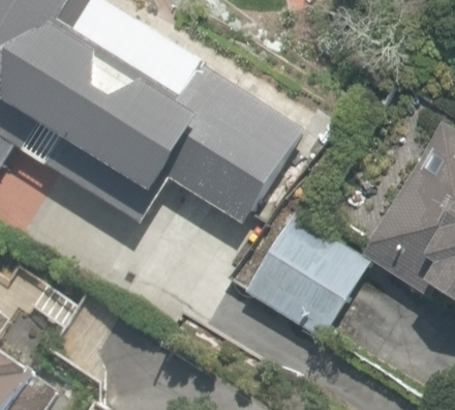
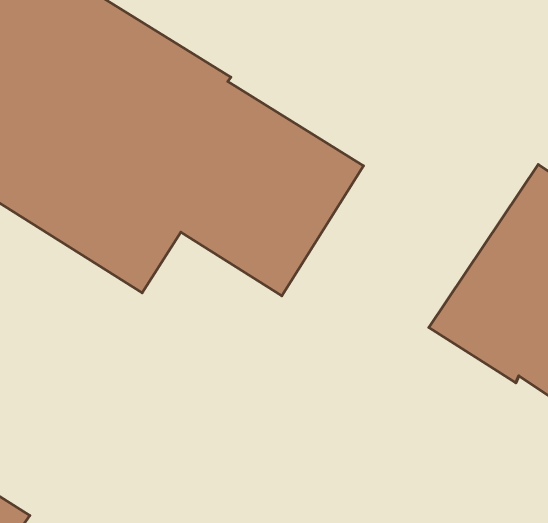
building: [250,215,372,339] -> none

